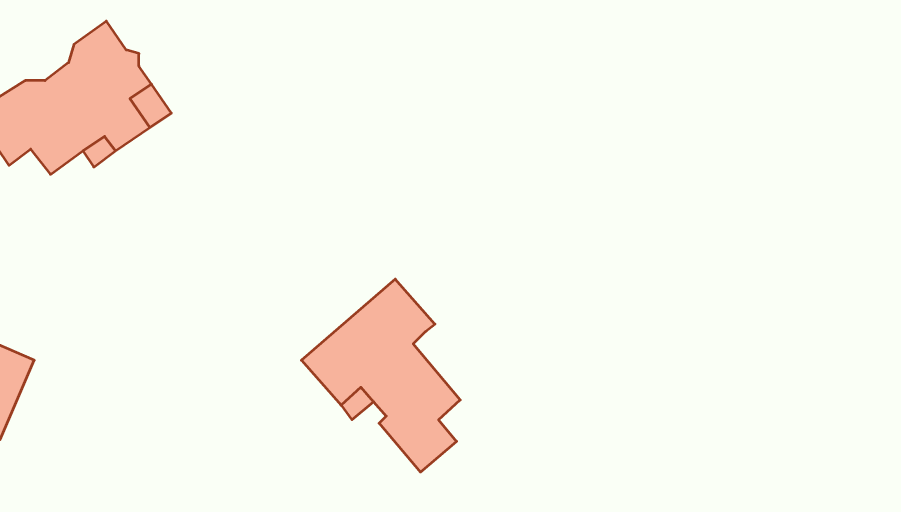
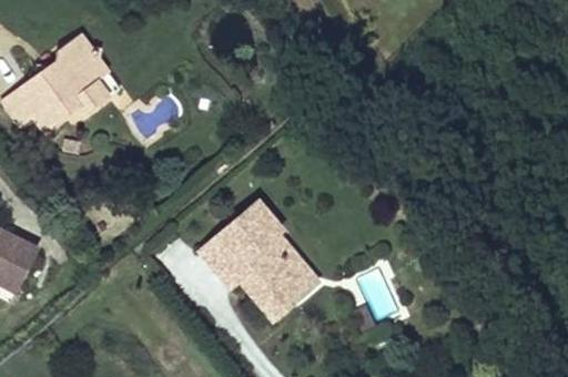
building: none -> [264,230,313,297]

